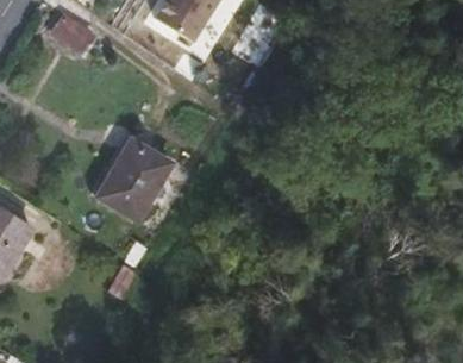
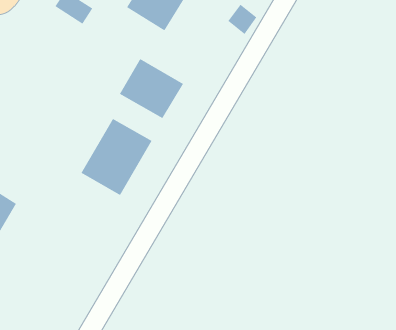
building: none -> [119,58,184,119]

